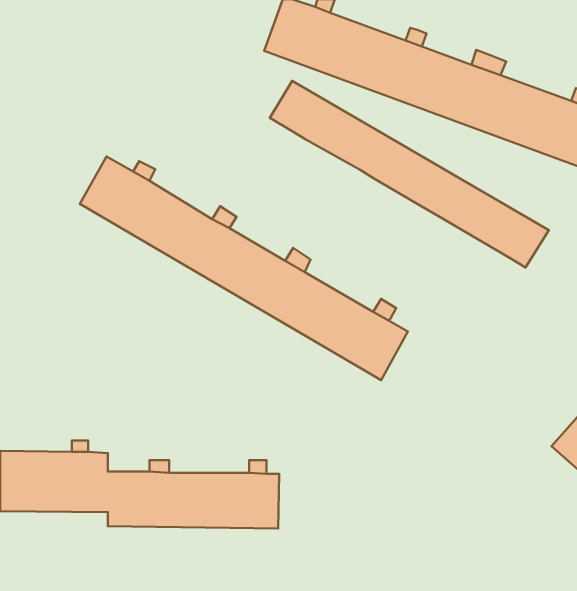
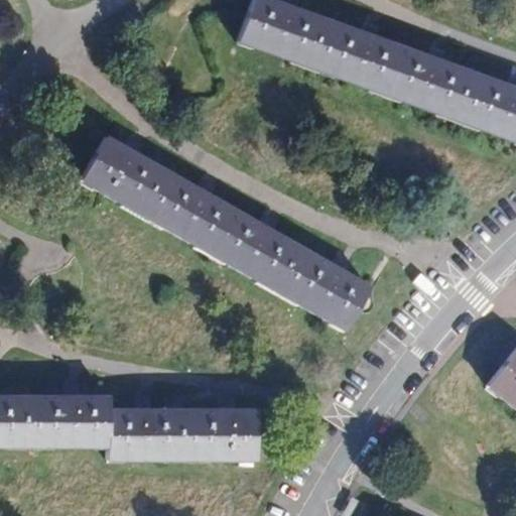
building: [270,81,549,268] -> none

